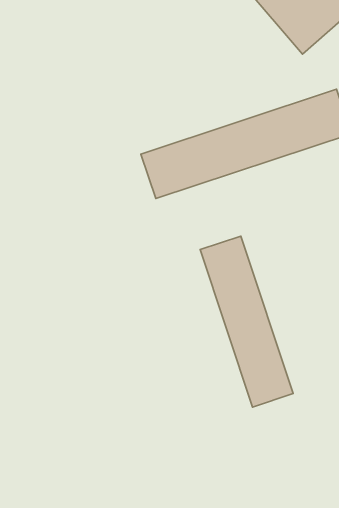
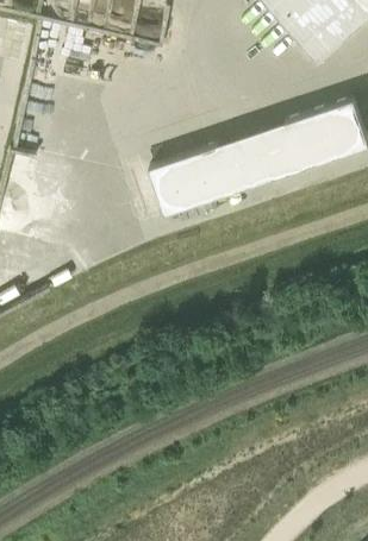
building: [200,236,293,407] -> none

